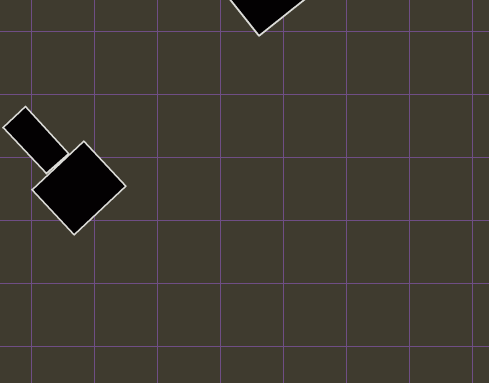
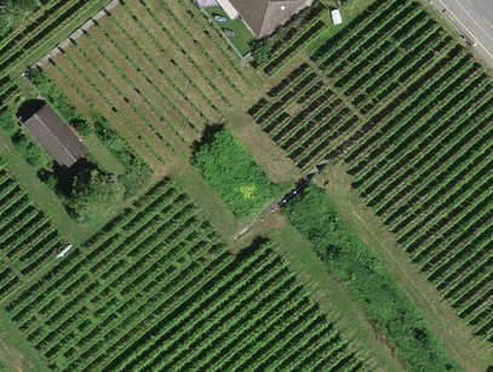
building: [32,141,126,235] -> none

